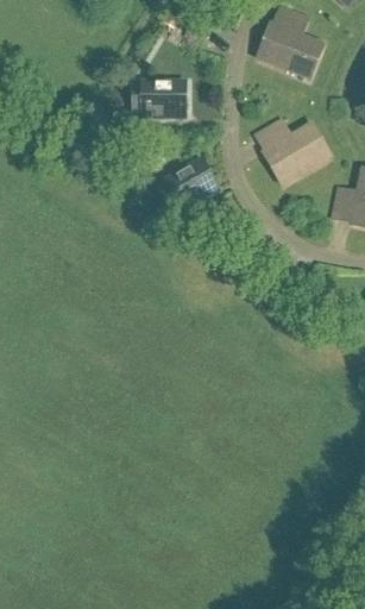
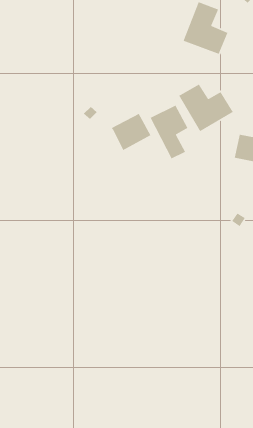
building: [140,81,184,117] -> none
building: none -> [150,104,189,159]

